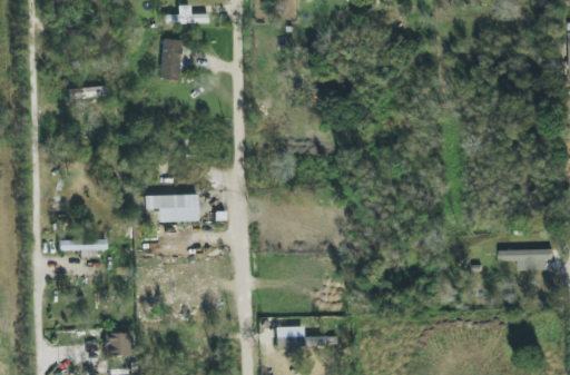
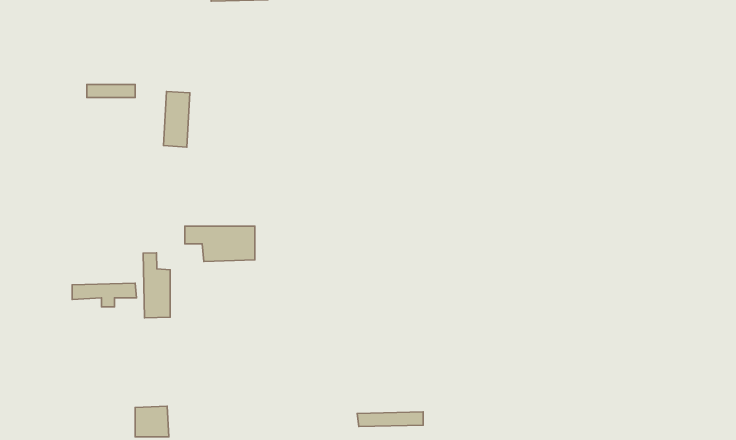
building: [161,38,181,80] -> [163,91,190,147]
building: none -> [143,253,170,318]
building: [501,248,553,269] -> none

